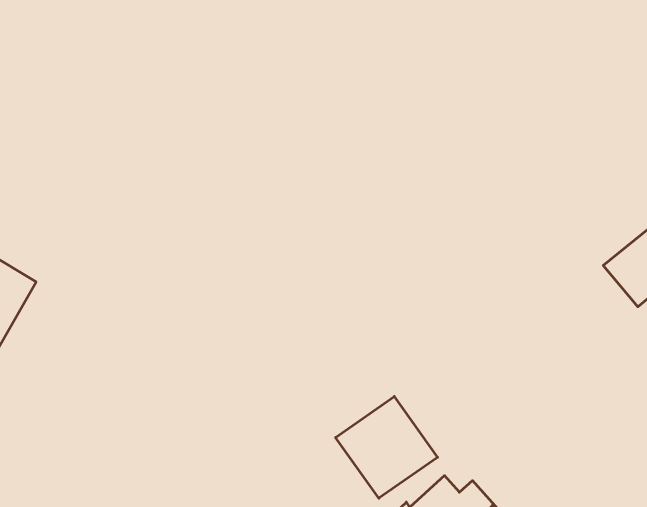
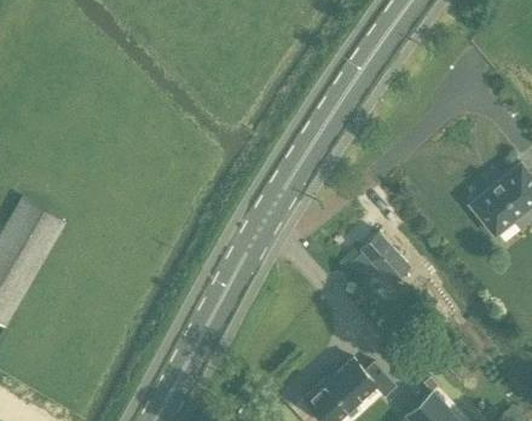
building: none -> [362,235,410,286]
building: [336,396,438,498] -> none

